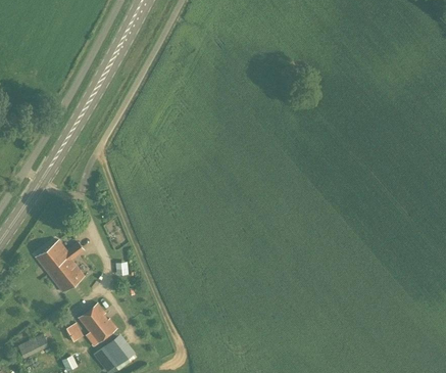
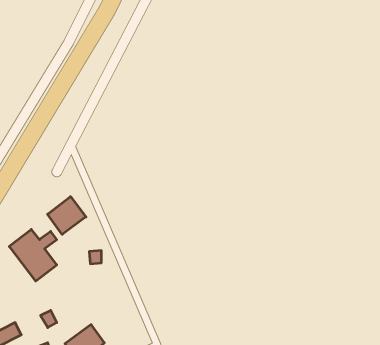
building: none -> [48,197,86,234]
building: [78,302,117,348] -> none

